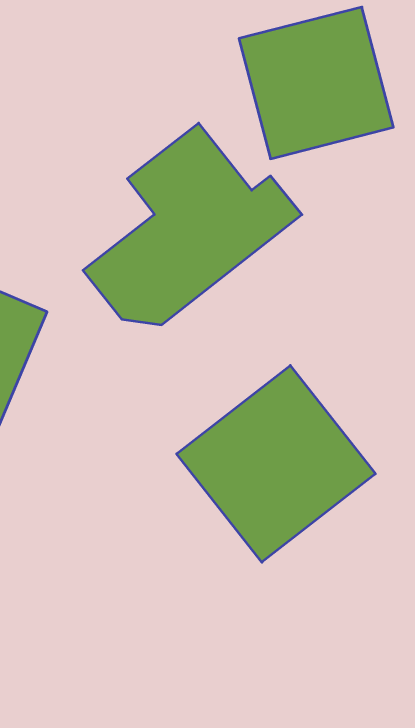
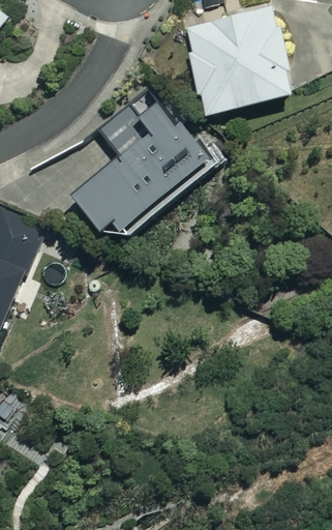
building: [177,365,375,562] -> none

